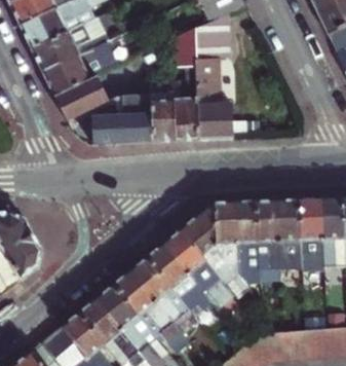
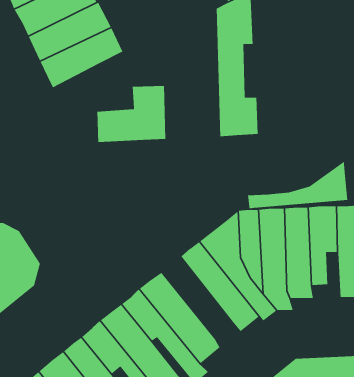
building: [149,27,197,141] -> none
building: [52,75,106,120] -> none
building: none -> [247,161,348,209]
building: [147,243,209,315] -> none

